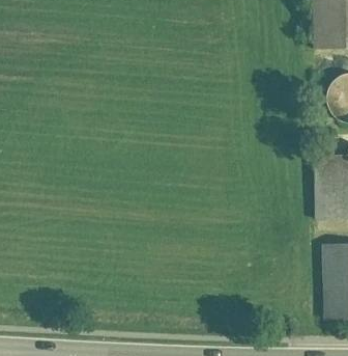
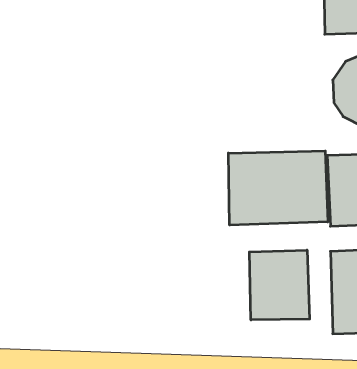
building: none -> [228,151,328,225]
building: none -> [249,250,310,320]

